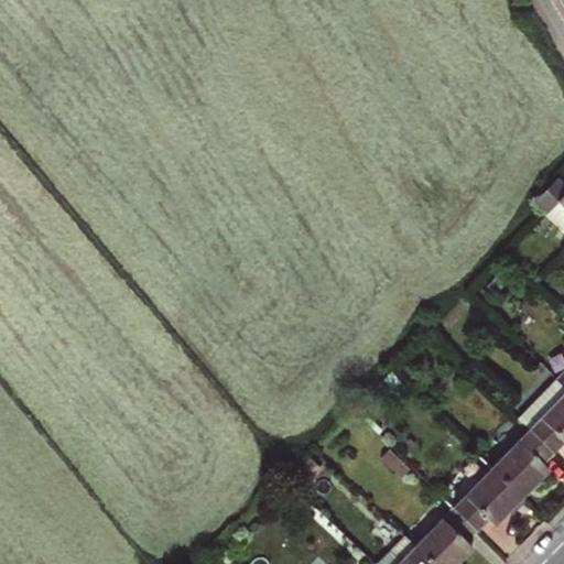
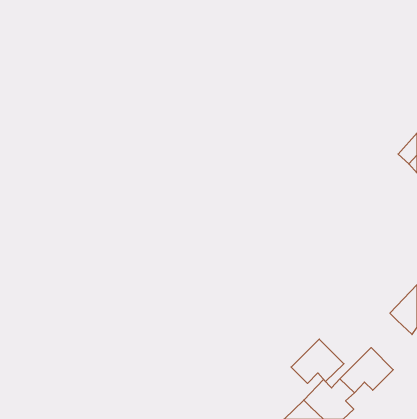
building: [498,431,555,497] -> none
building: none -> [291,339,344,383]

